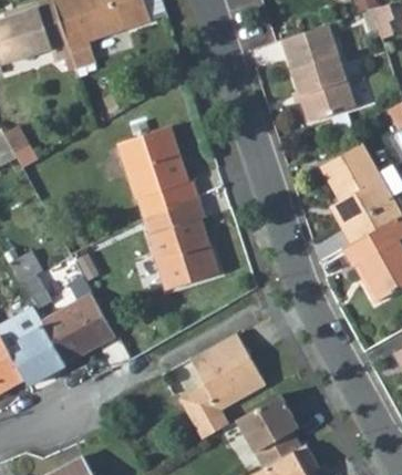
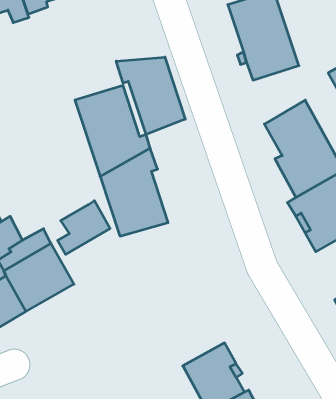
building: none -> [116,57,185,135]
building: none -> [58,201,110,254]
building: [181,335,266,440] -> none

